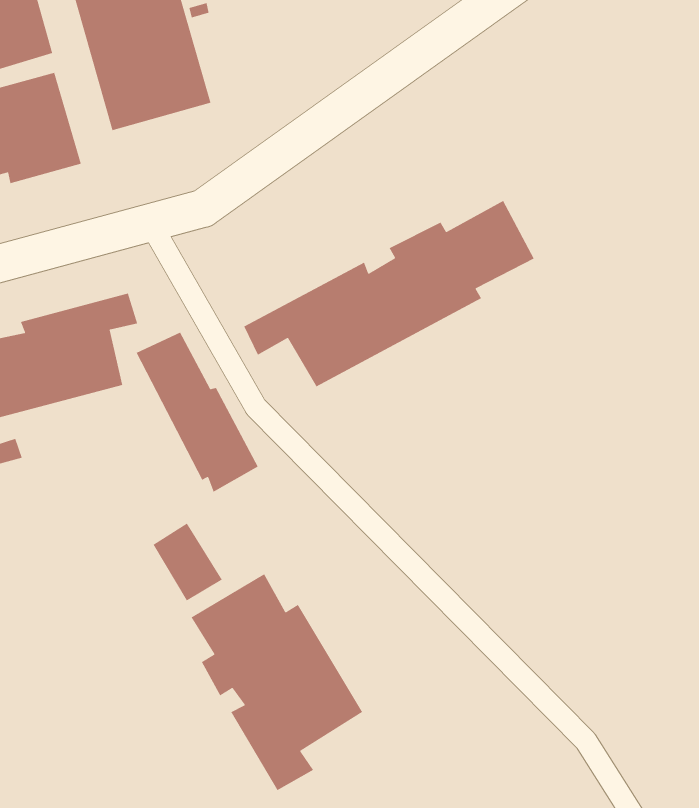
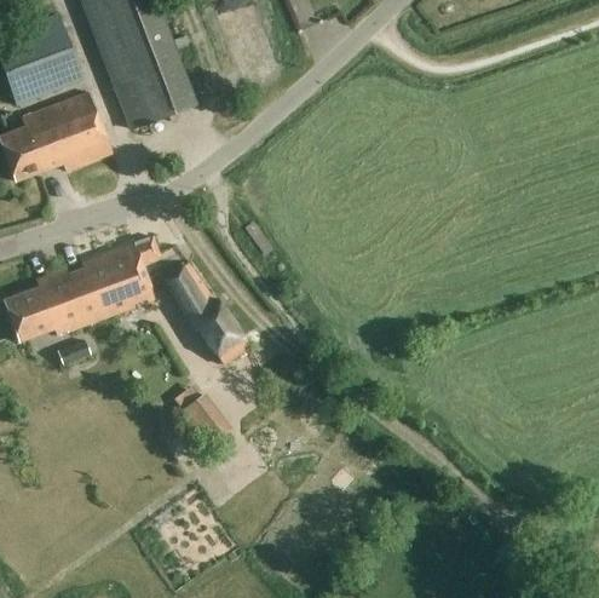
building: [243,200,535,388] -> none
building: [190,573,363,791] -> none

